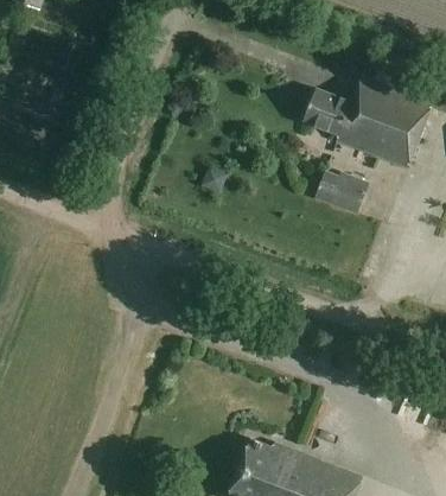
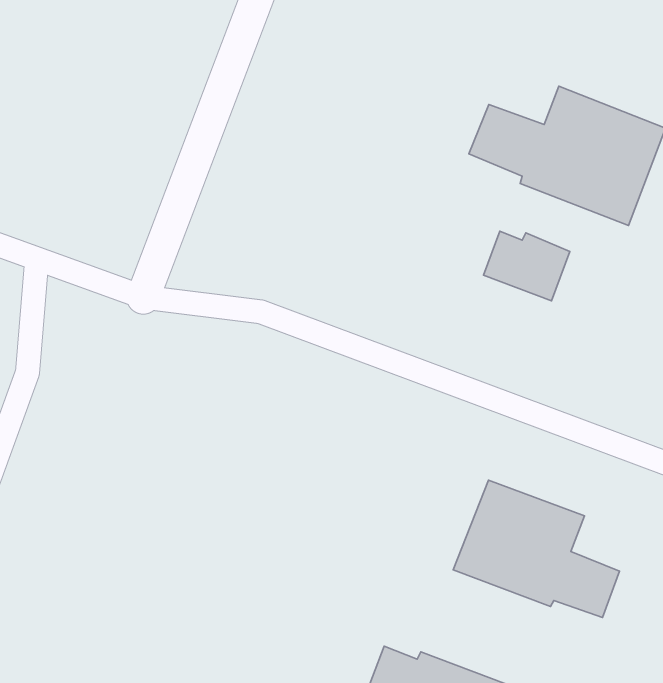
building: none -> [453,480,619,618]

